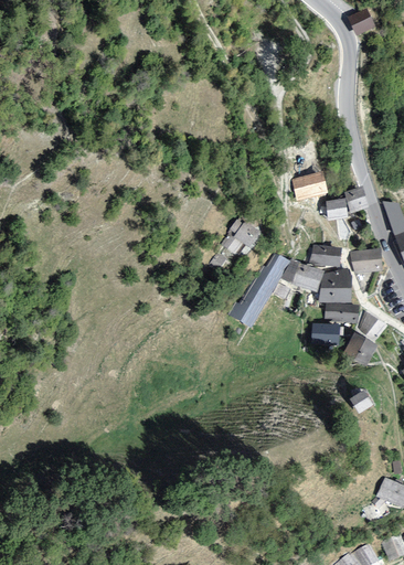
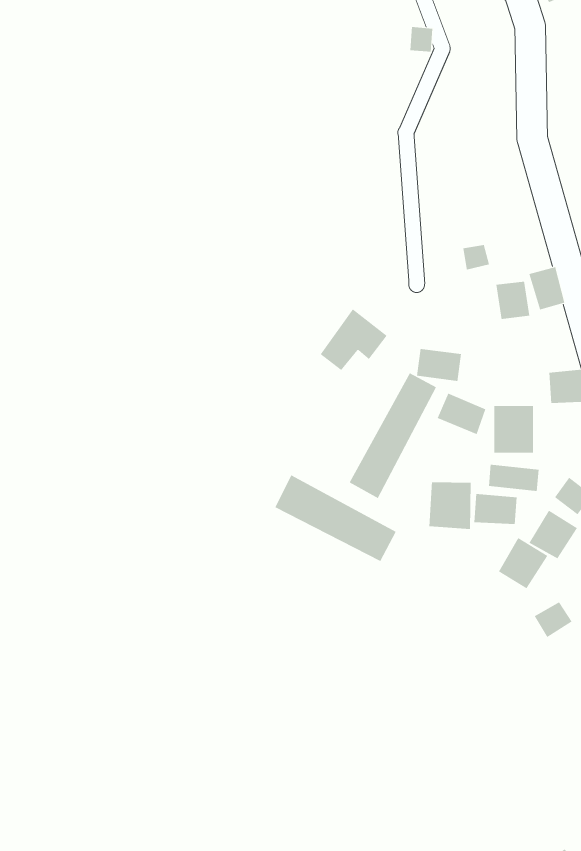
building: [312,245,340,265] -> [416,348,462,381]
building: none -> [274,474,397,562]
building: none -> [429,481,471,530]
building: none -> [498,537,548,589]

